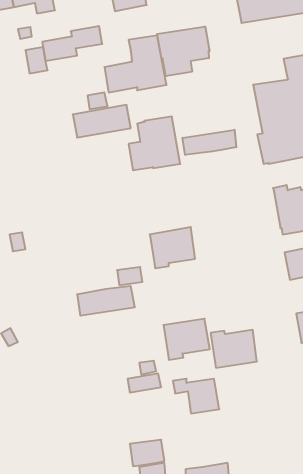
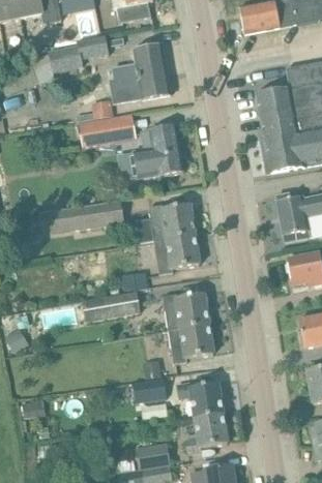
building: [157,26,209,76] -> none
building: [183,130,236,155] -> none
building: none -> [39,201,123,234]
building: none -> [149,204,195,241]
building: [211,330,257,368] -> [163,293,208,330]
building: none -> [185,413,227,453]

